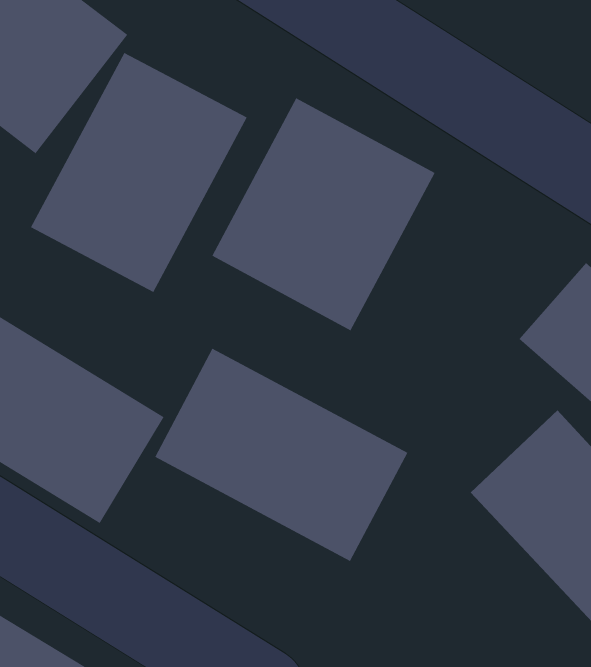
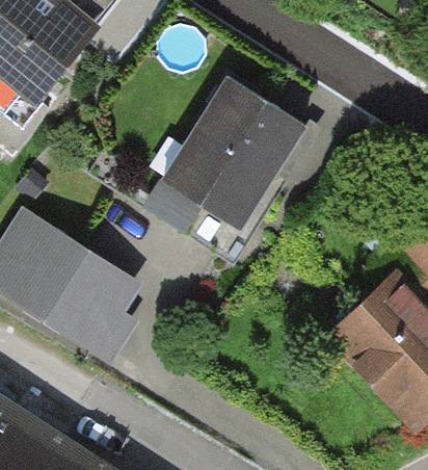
building: [30,52,247,293] -> none
building: [154,348,408,562] -> none

